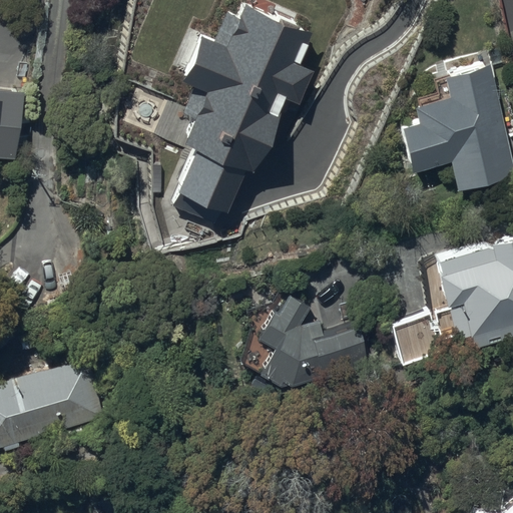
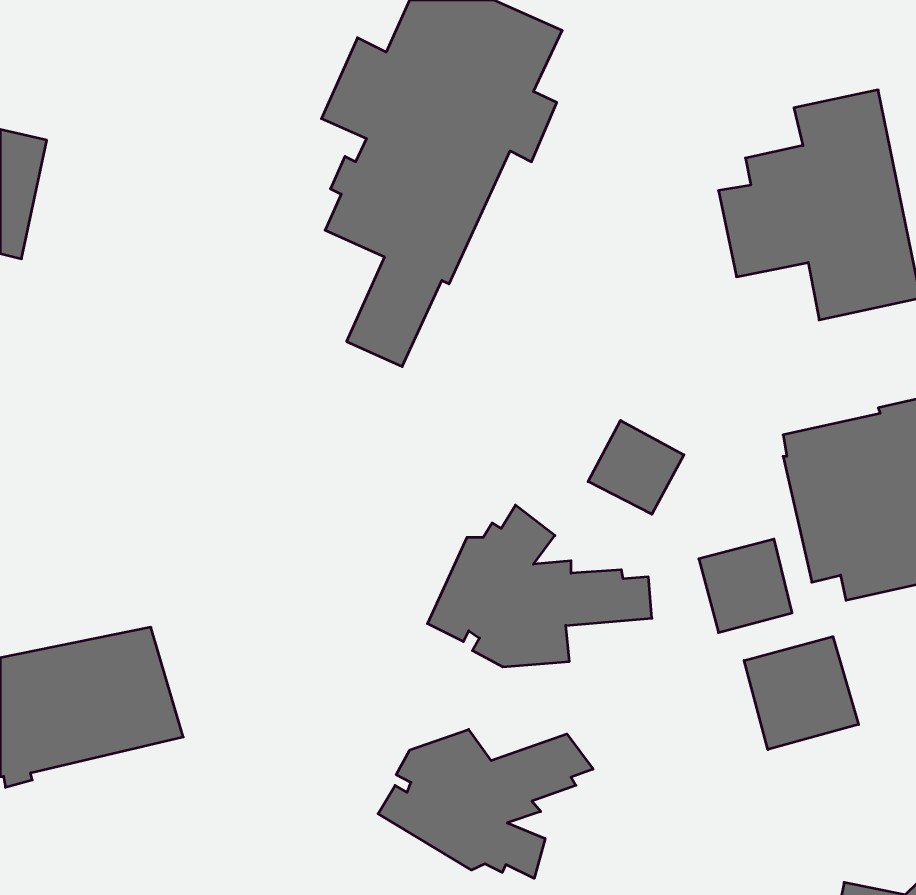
building: none -> [588,420,684,514]
building: none -> [744,637,859,750]
building: none -> [378,729,593,878]

